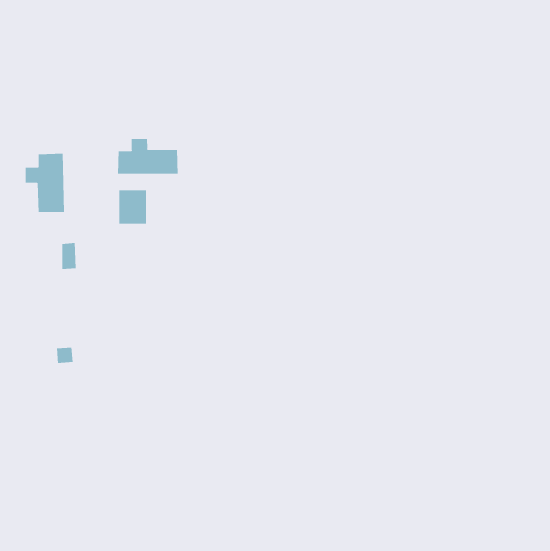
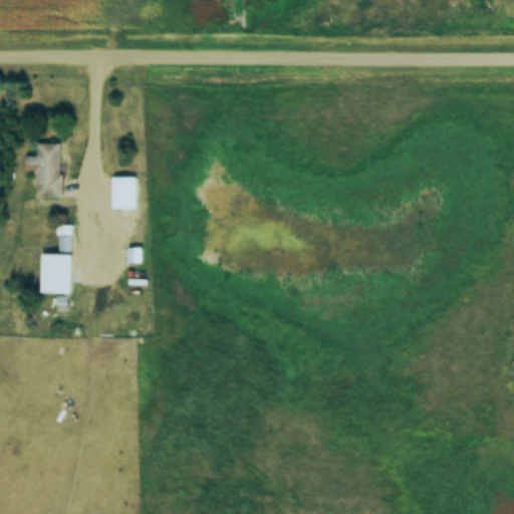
building: [117,138,178,175] -> none
building: none -> [40,254,72,293]

